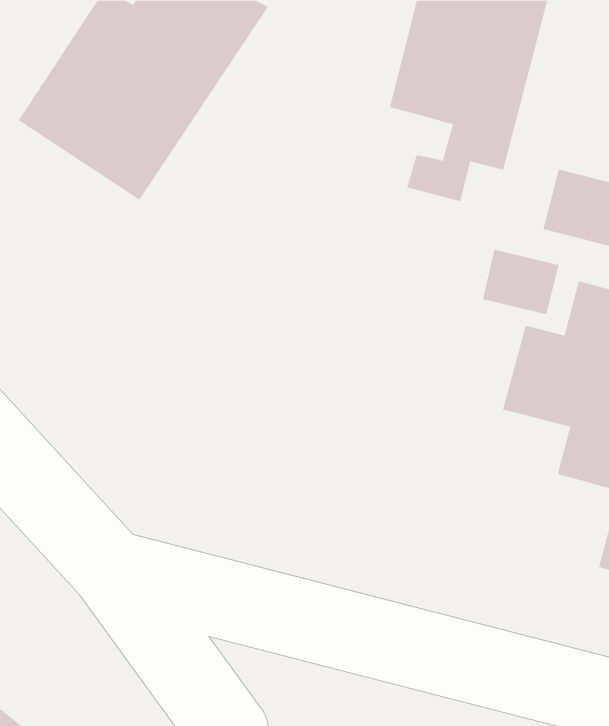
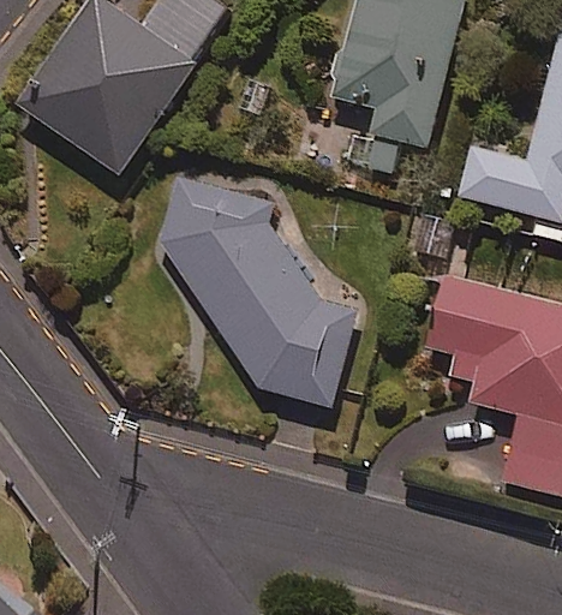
building: none -> [160,178,351,410]

